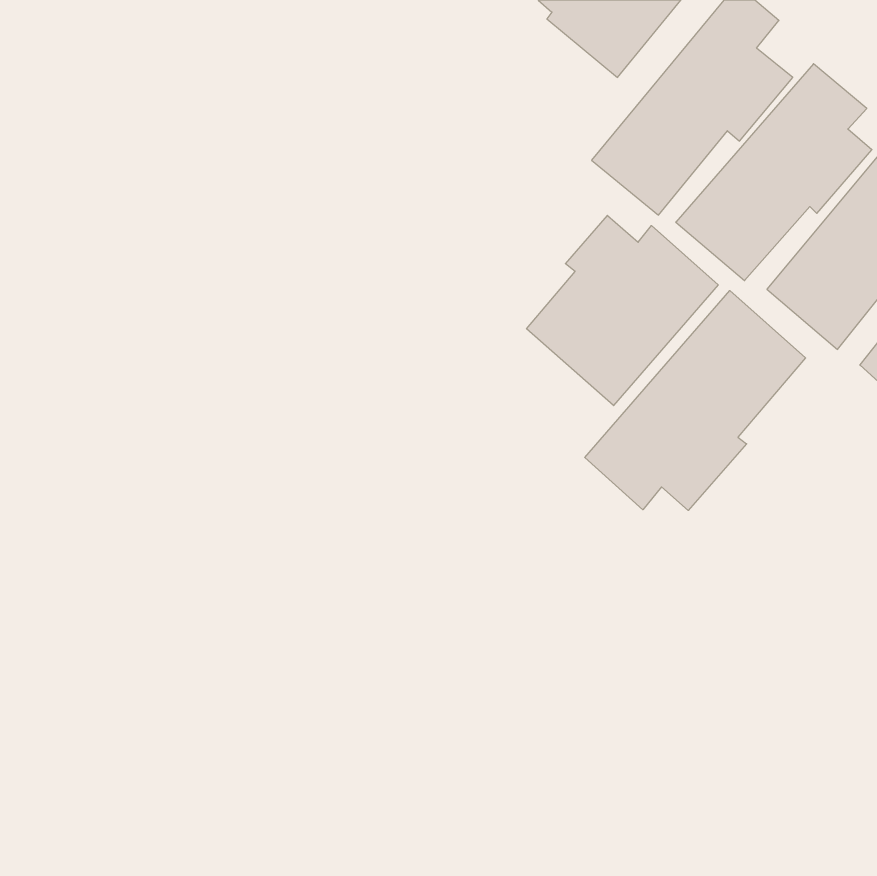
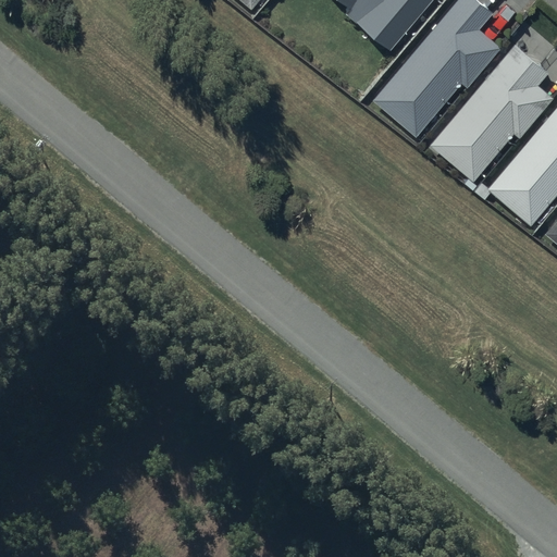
building: [527,215,718,406] -> none
building: [585,291,806,510] -> none

